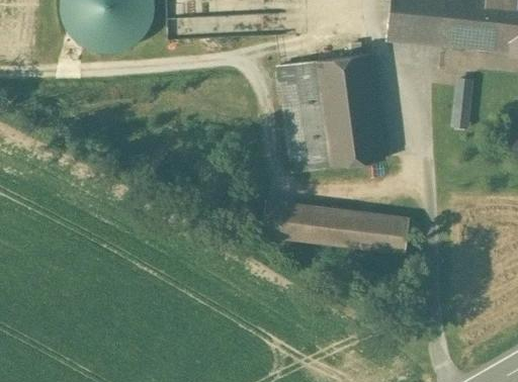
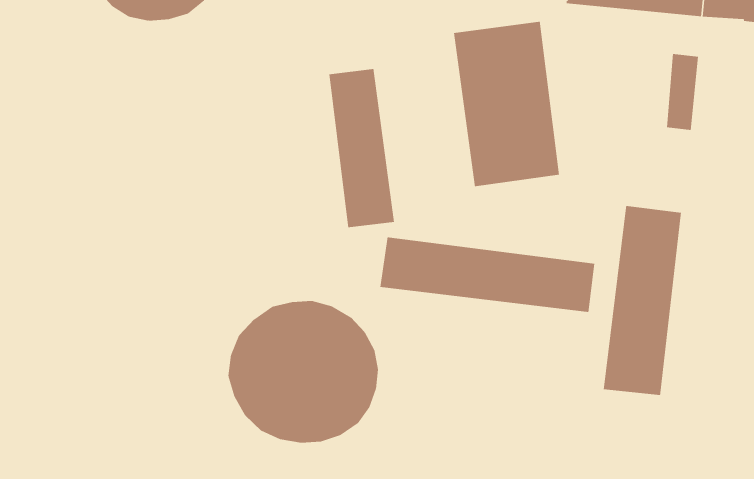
building: [279,61,325,170] -> [328,68,395,228]
building: none -> [603,205,681,396]
building: none -> [228,300,379,443]

